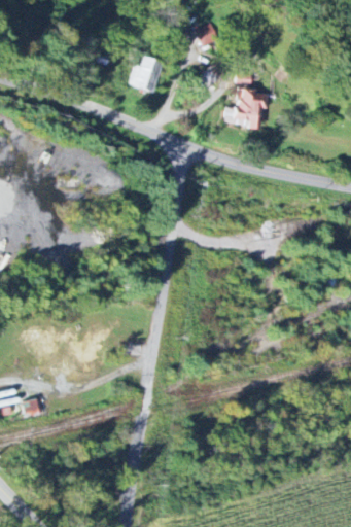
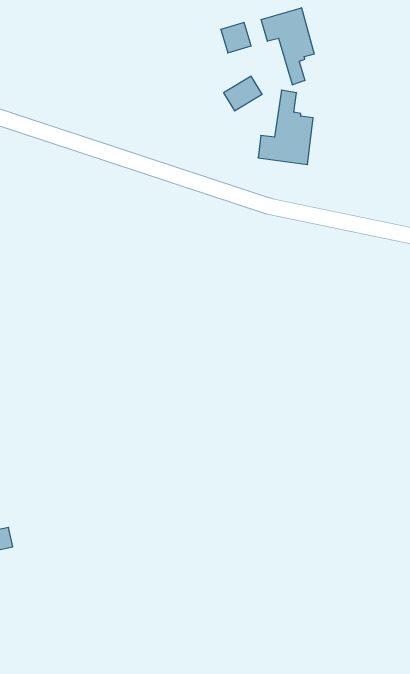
building: none -> [261,8,314,85]
building: [127,57,163,93] -> none

